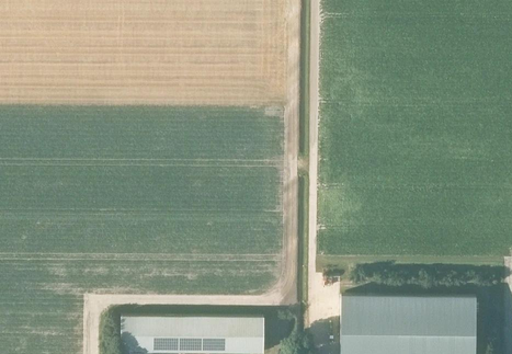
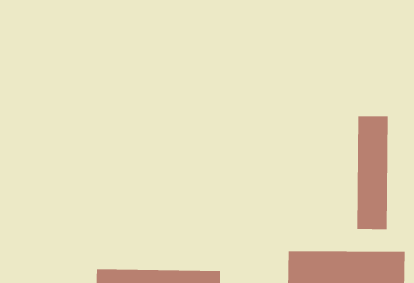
building: none -> [356,115,388,230]

